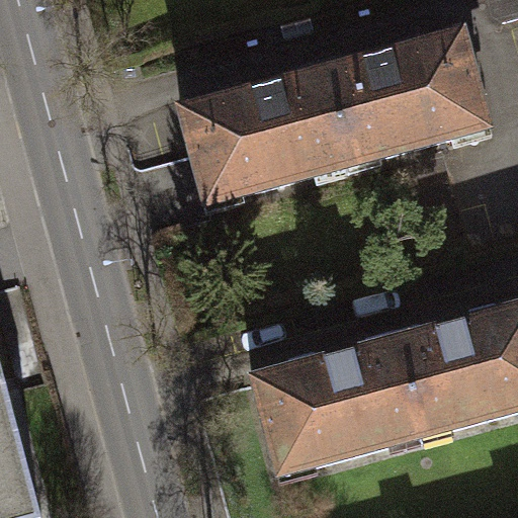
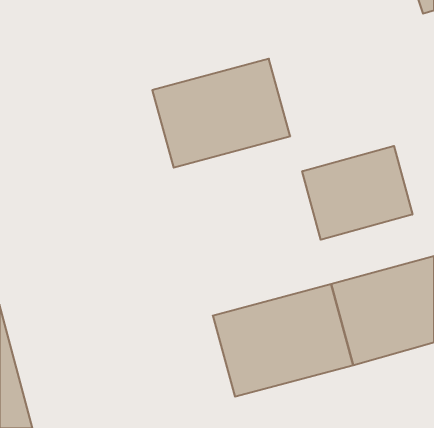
building: [320,31,486,162] -> none
building: none -> [302,146,412,240]

